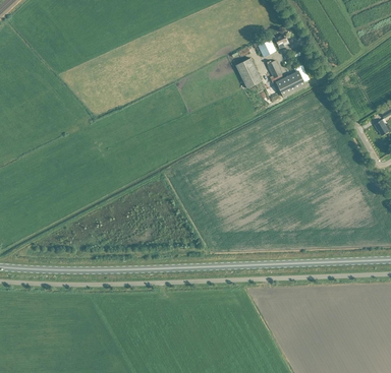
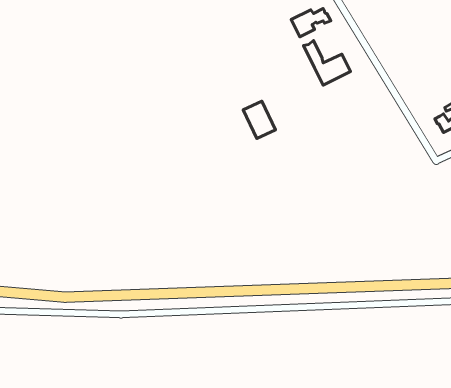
building: [234,57,261,87] -> [243,101,276,138]

